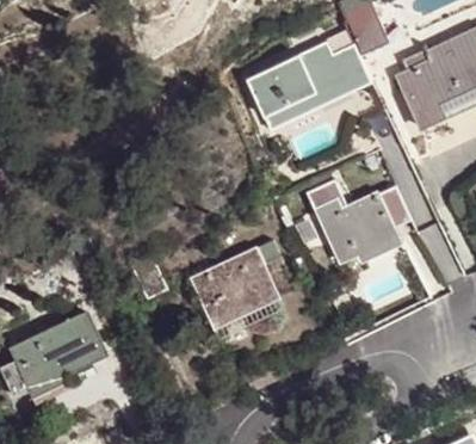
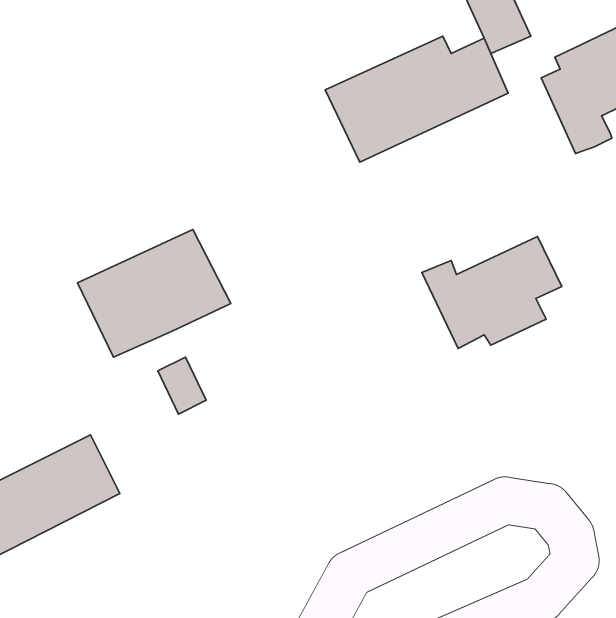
building: [190,243,296,332] -> [77,229,231,357]

